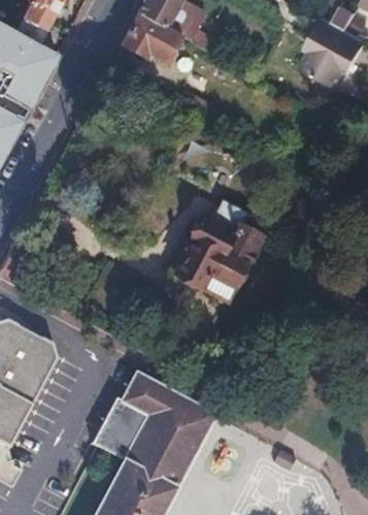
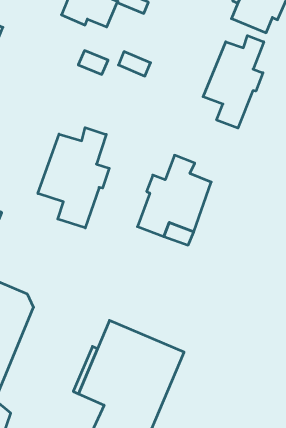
building: none -> [203,36,264,128]
building: none -> [38,128,109,228]

